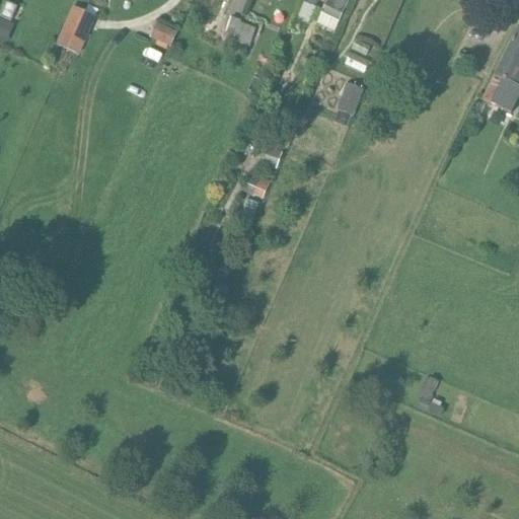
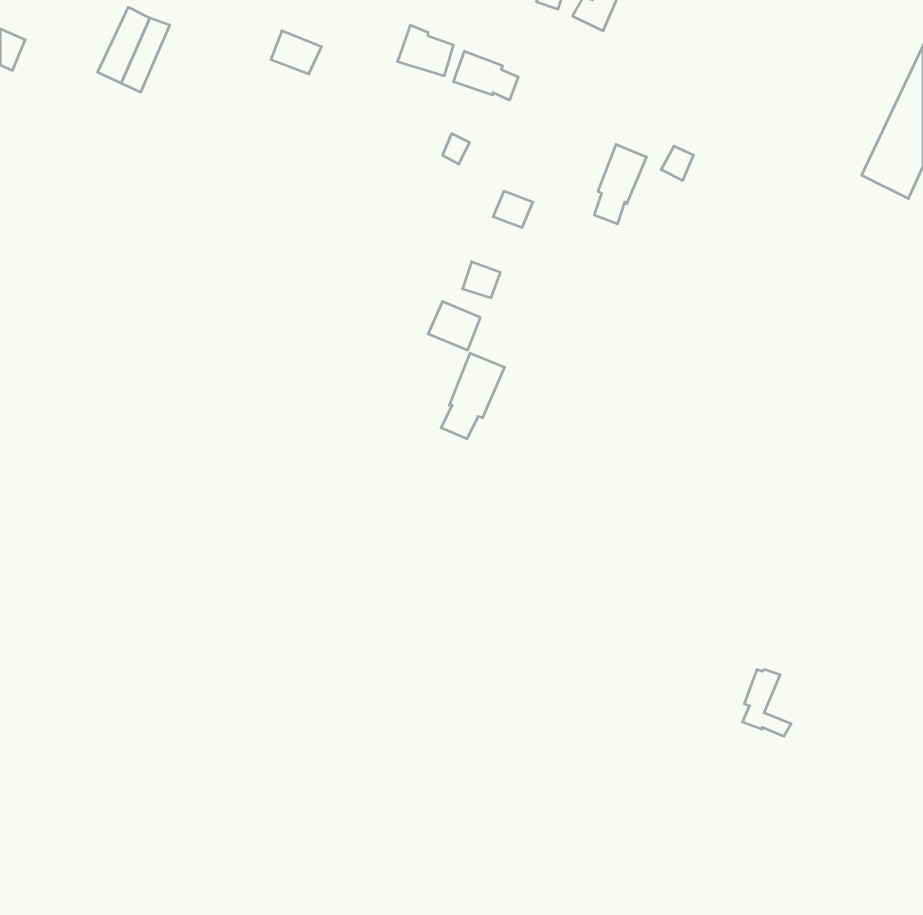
building: none -> [454,51,518,100]
building: none -> [441,353,505,439]

